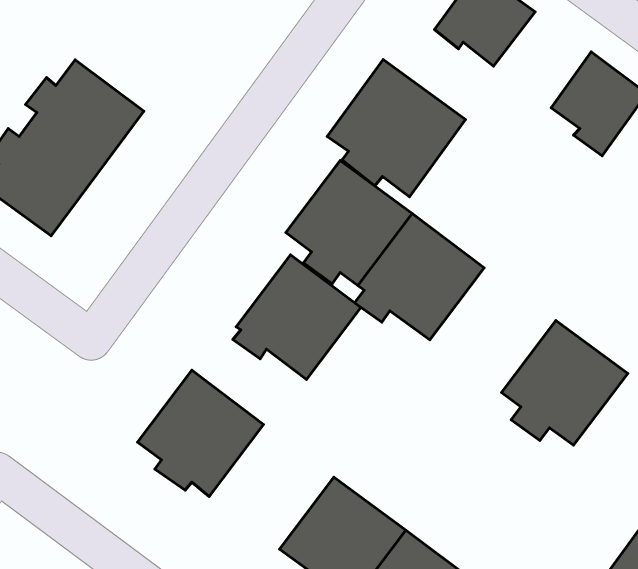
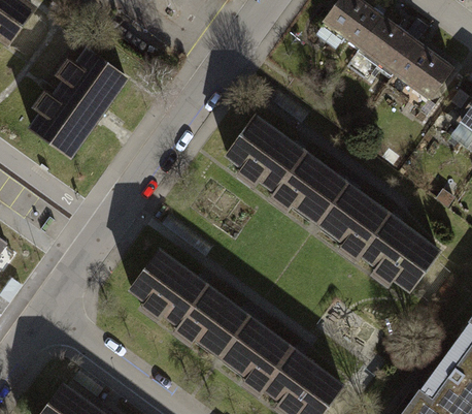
building: none -> [356,14,420,79]
building: [327,60,466,197] -> none
building: [233,255,361,380] -> [172,281,255,361]
building: none -> [316,180,398,264]

